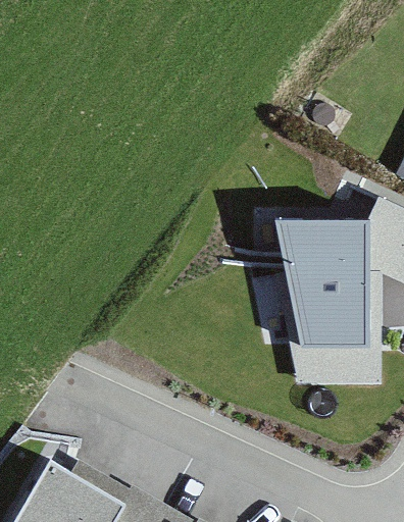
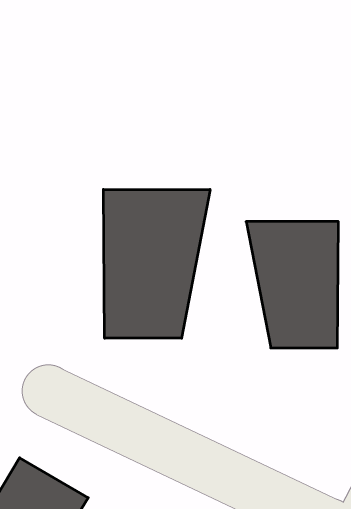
building: none -> [103,189,210,338]

